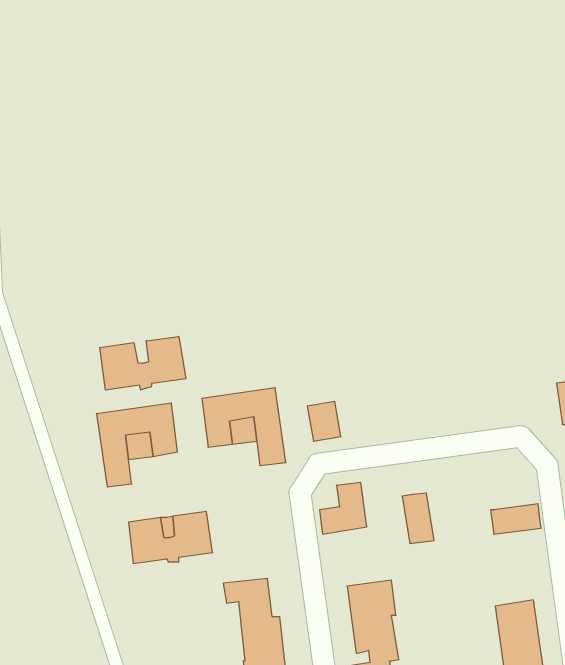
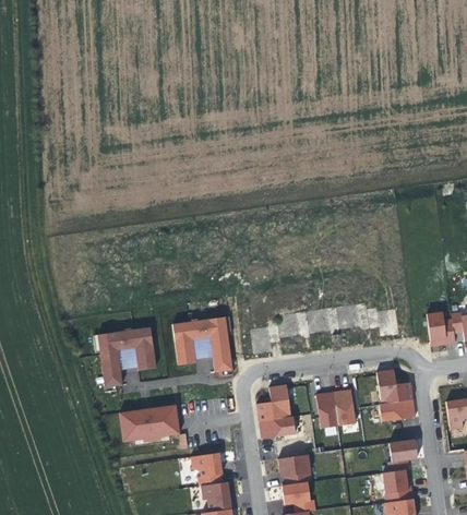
building: [100,336,186,390] -> none
building: none -> [376,369,412,404]
building: none -> [333,388,356,426]
building: none -> [259,416,295,439]
building: none -> [388,440,417,462]

